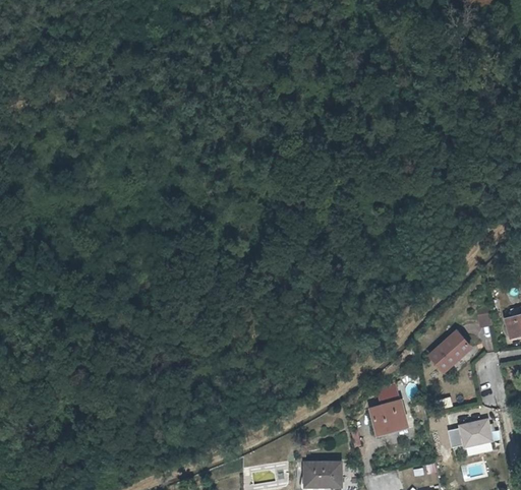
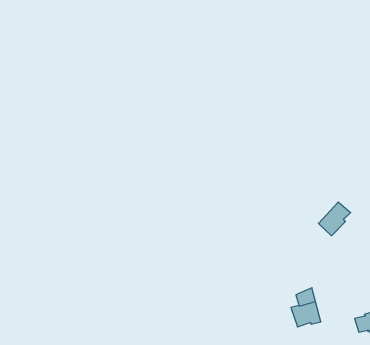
building: [427,328,468,369] -> [318,202,351,236]

